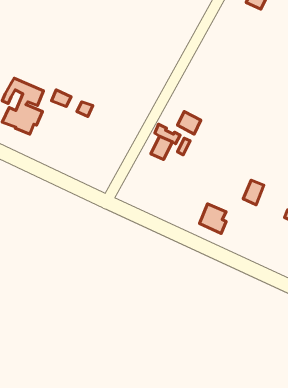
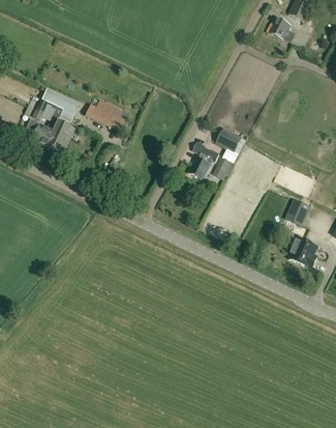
building: none -> [268,15,296,40]
building: [200,204,226,233] -> [288,236,316,267]

